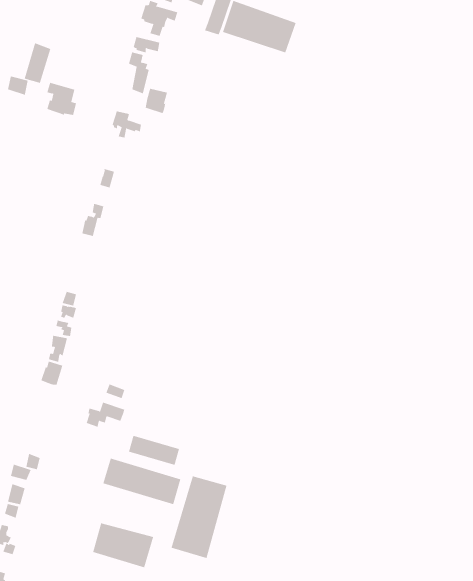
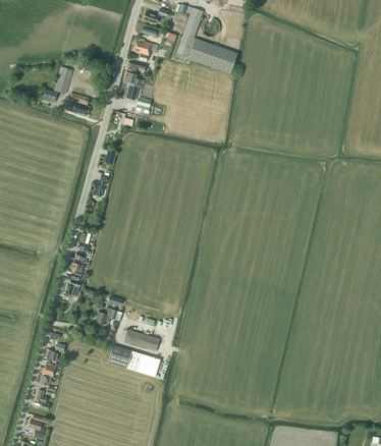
building: [171,475,227,559] -> none
building: [92,522,154,568] -> none

